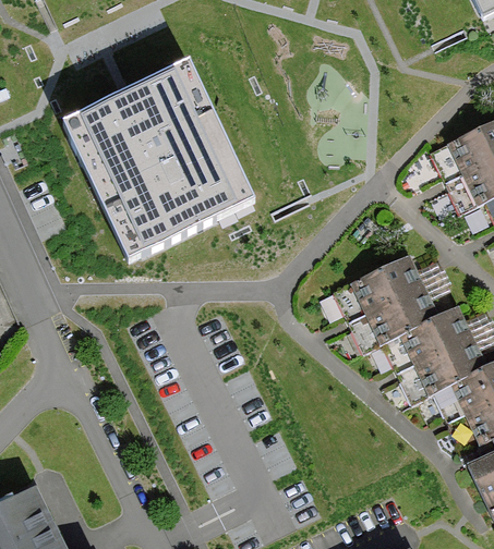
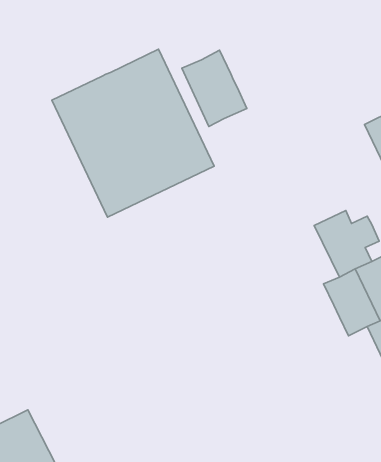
building: none -> [182,50,247,126]
building: [335,270,401,349] -> none

